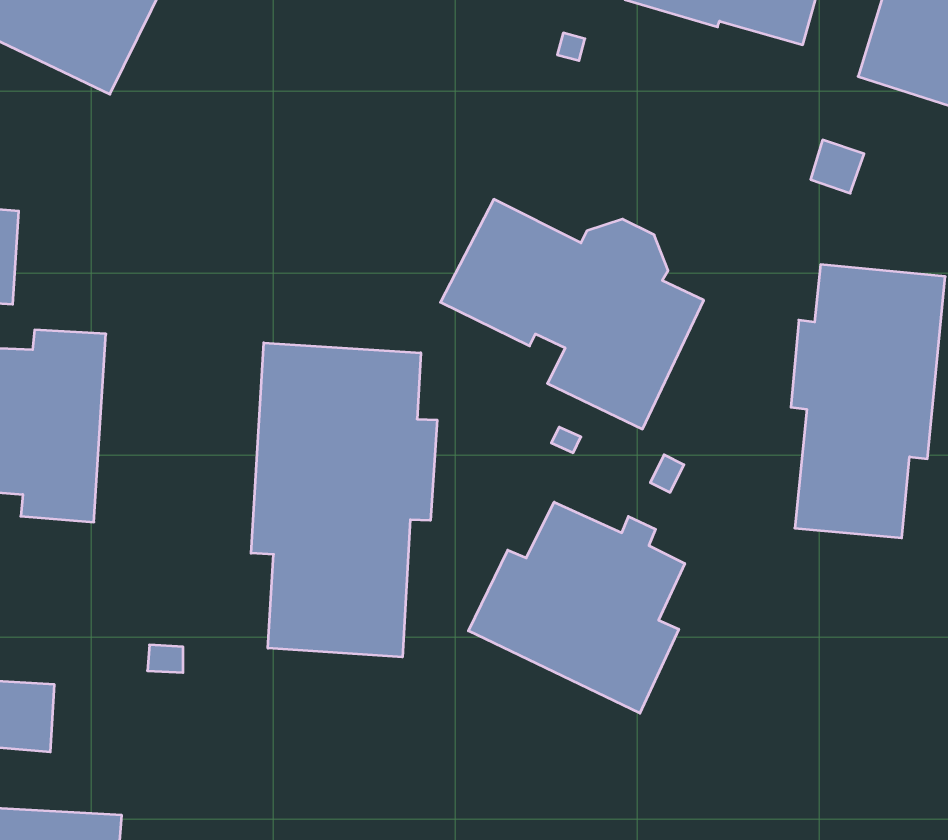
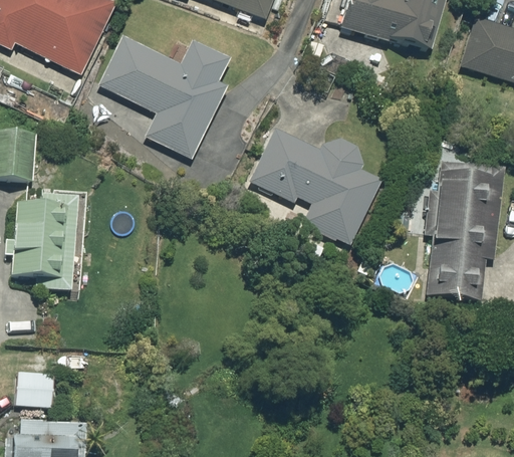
building: none -> [98,35,231,158]
building: [251,343,437,657] -> none
building: [468,502,685,713] -> none

